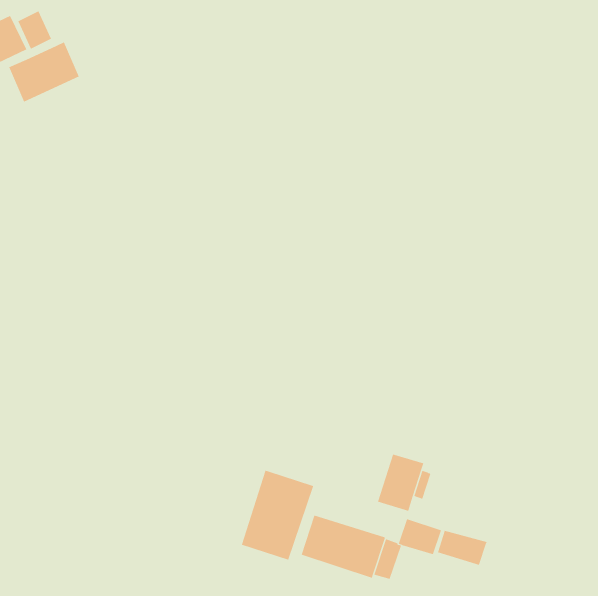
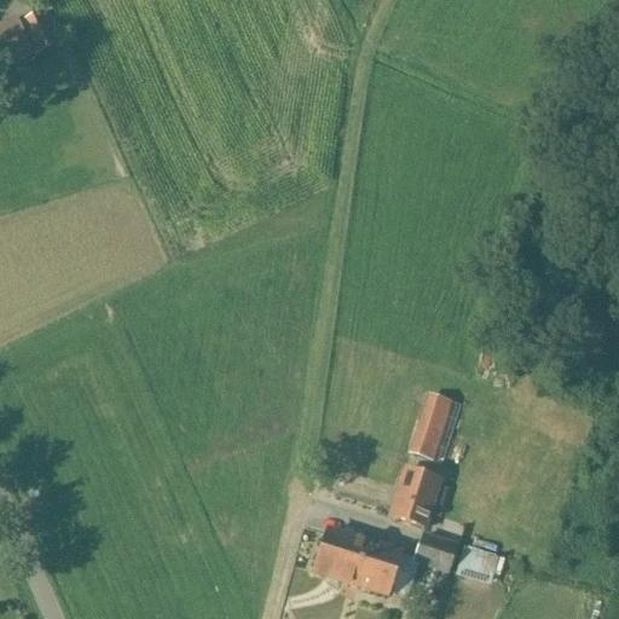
building: [8,41,79,102] -> none
building: none -> [407,393,458,463]
building: [241,470,314,561] -> none

